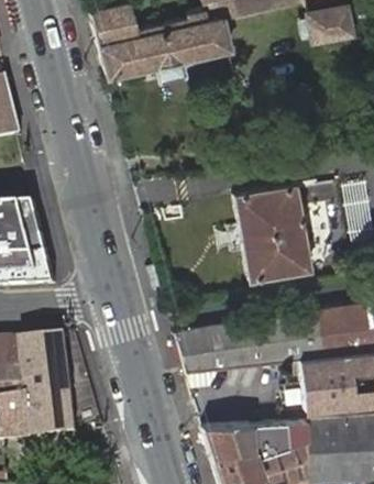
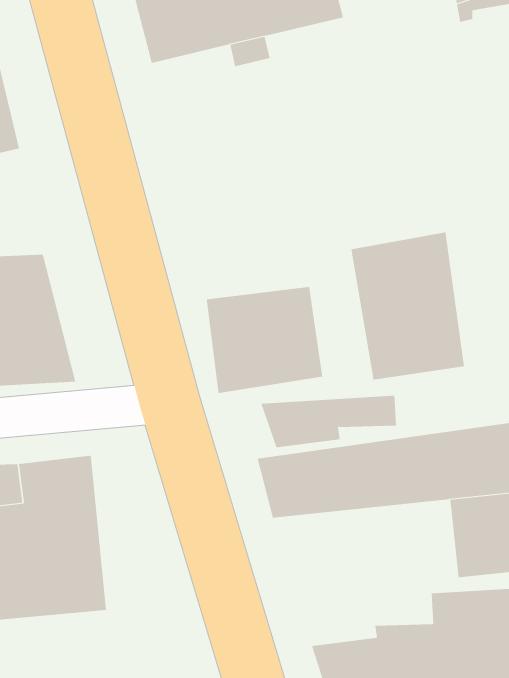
building: none -> [206,286,323,394]
building: [199,419,287,453] -> [260,395,397,448]

